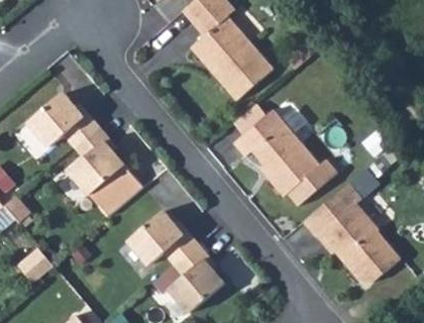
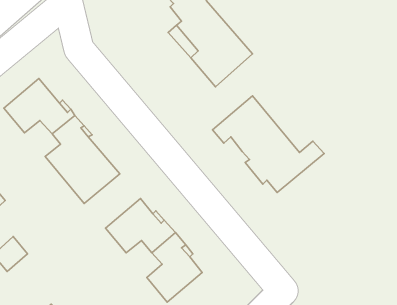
building: [302,169,400,282] -> none

